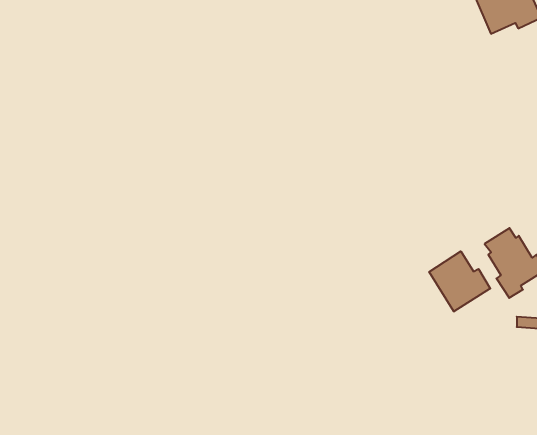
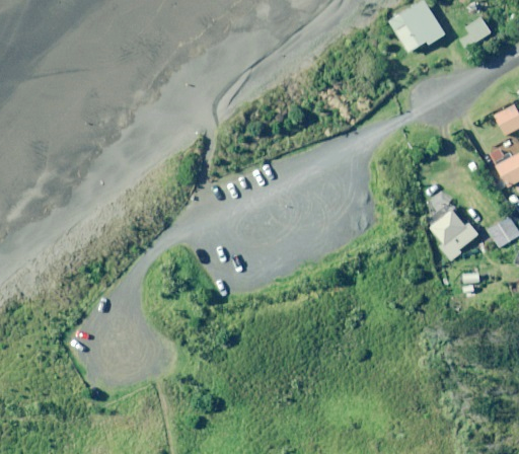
building: [429,251,490,312] -> none

